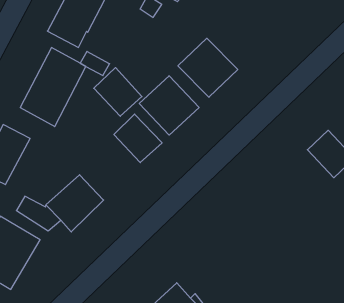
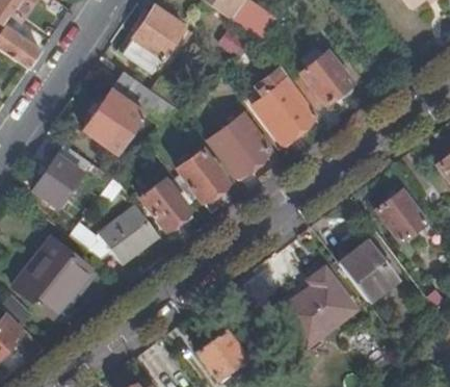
building: none -> [289,51,351,108]
building: [94,68,142,116] -> [140,178,189,229]
building: none -> [339,240,396,301]
building: none -> [280,267,356,347]

